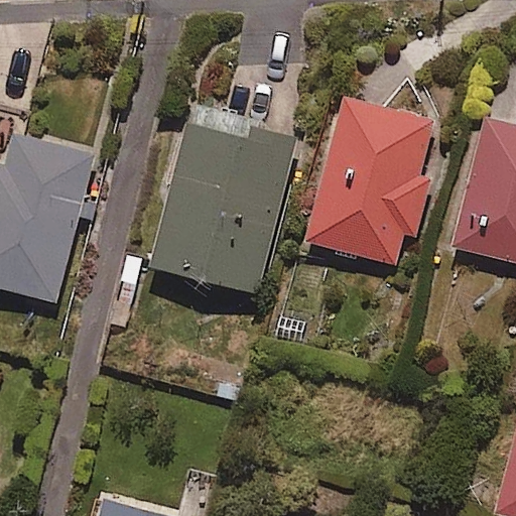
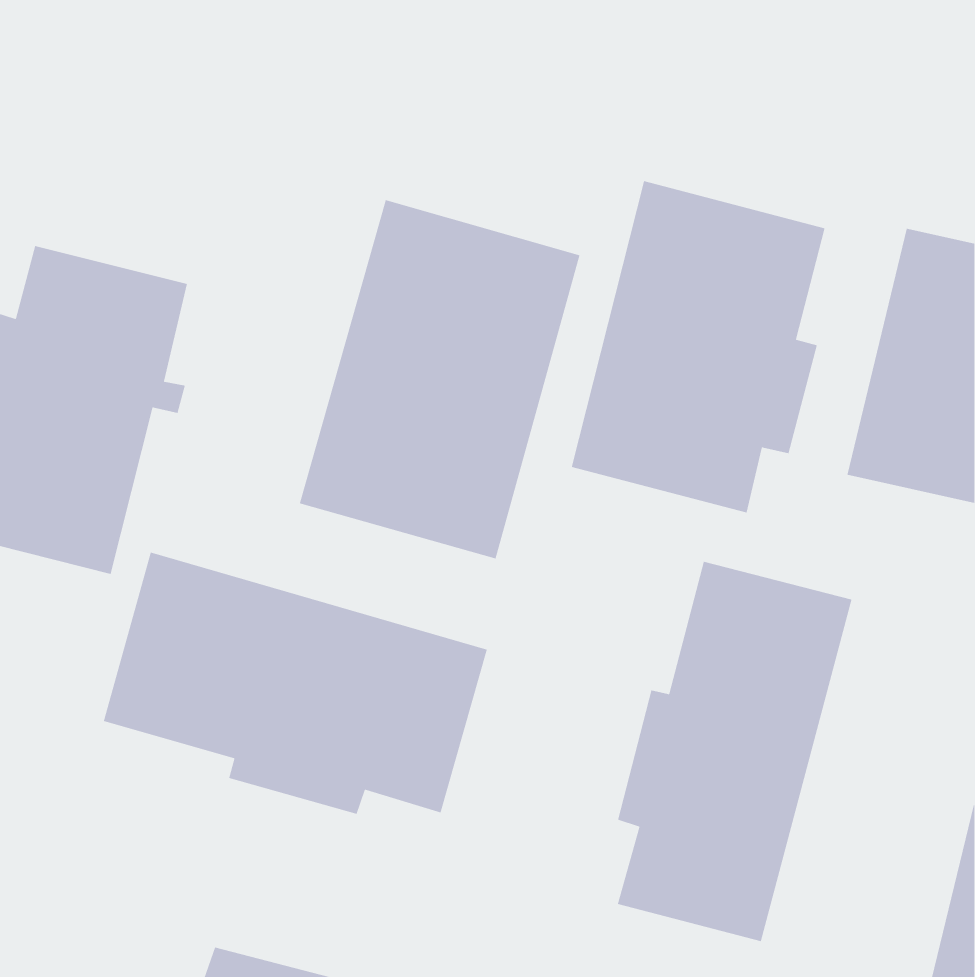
building: none -> [103,552,488,815]
building: none -> [617,561,853,942]

